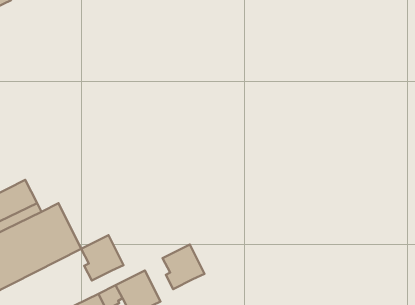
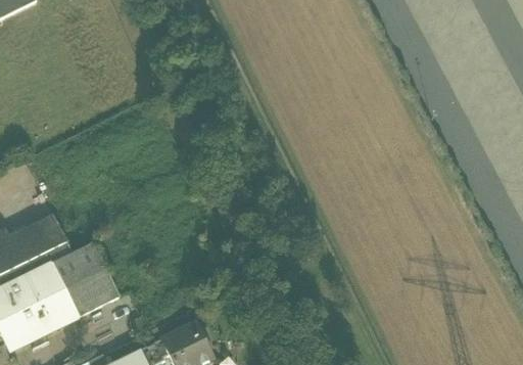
building: [81,235,124,280] -> none
building: [163,245,204,289] -> none

